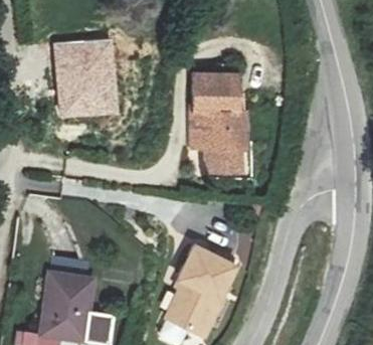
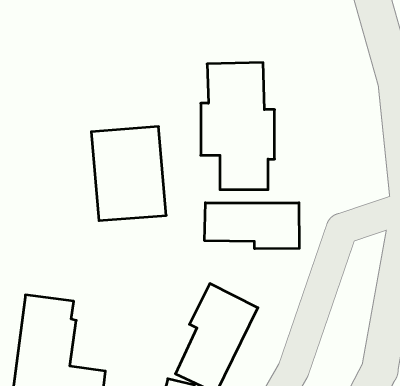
building: [55,40,115,115] -> [91,127,166,221]
building: none -> [205,203,299,249]

